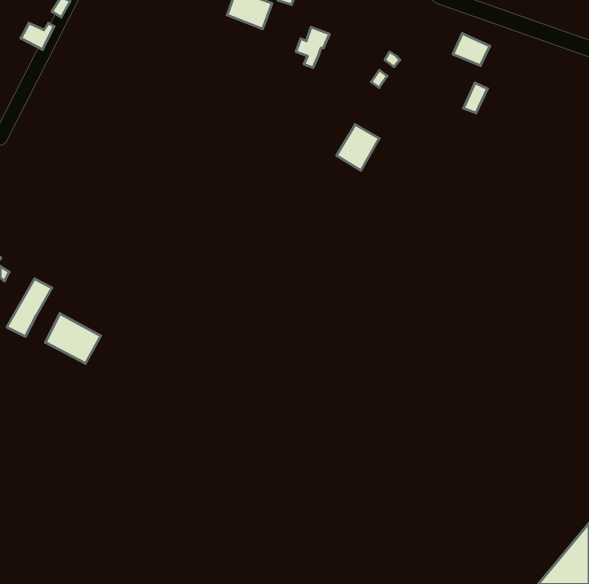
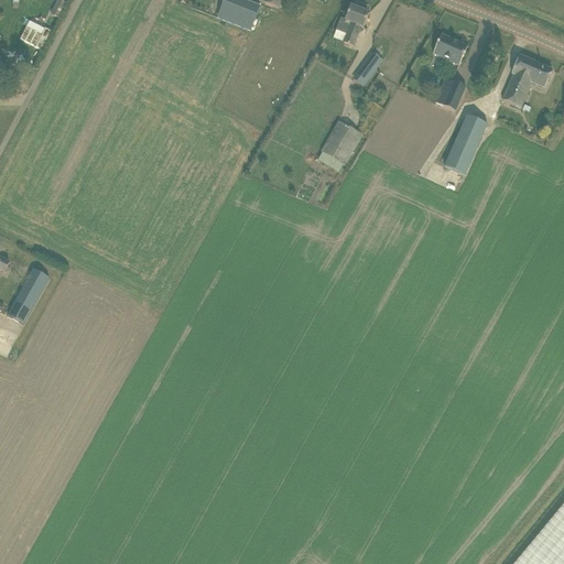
building: [296,27,329,67] -> [336,4,368,43]
building: none -> [502,53,552,106]
building: none -> [445,113,488,173]
building: [45,313,101,364] -> none

